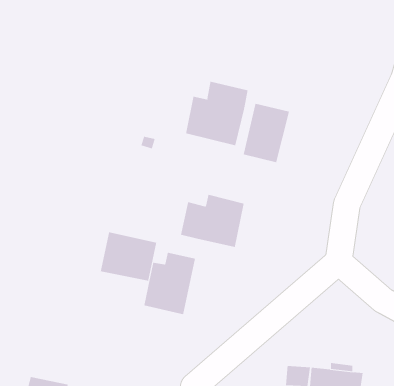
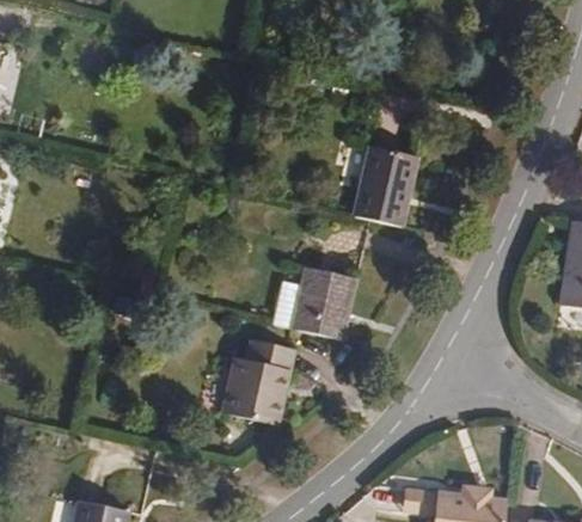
building: [185,81,248,146] -> none
building: [100,232,157,281] -> none

